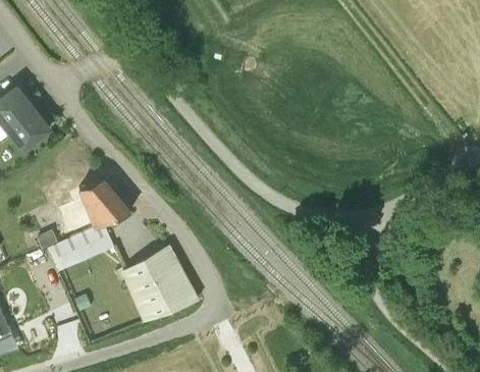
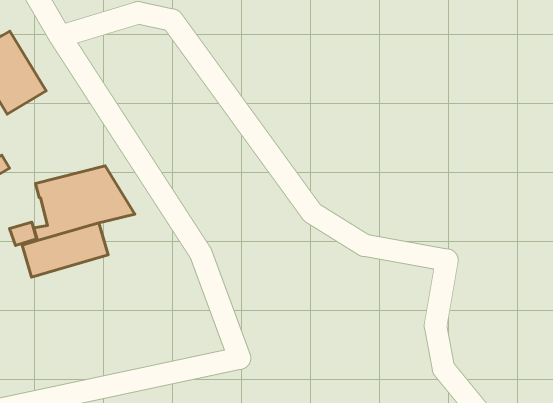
building: [116,246,197,328] -> none

